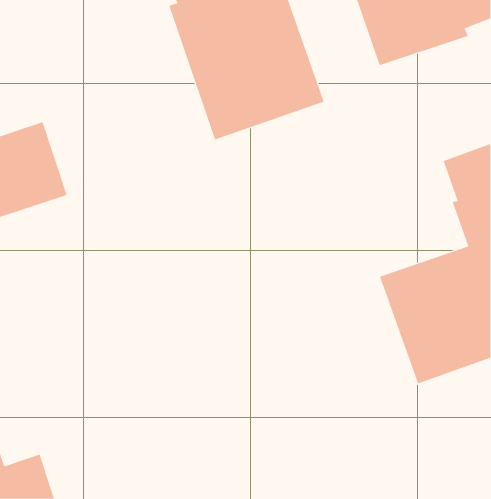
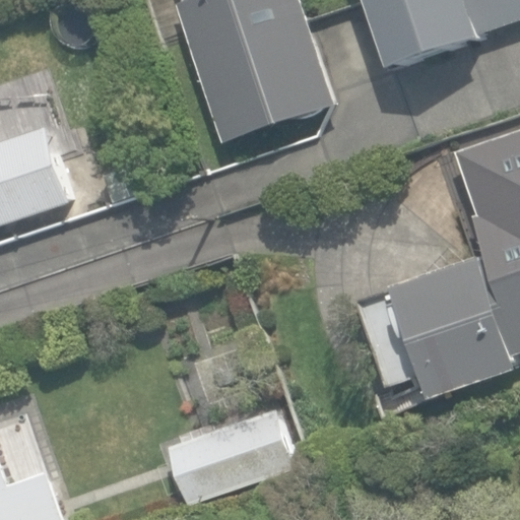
building: none -> [168,406,296,505]

